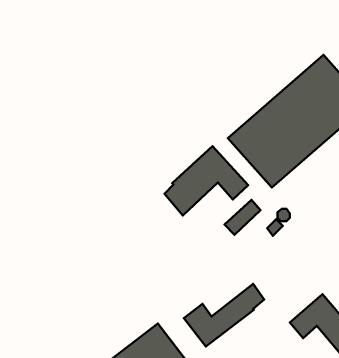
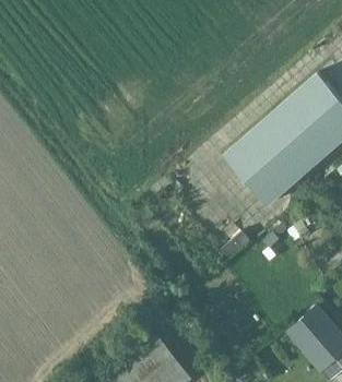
building: [164,146,248,215] -> none
building: [184,284,264,347] -> none

